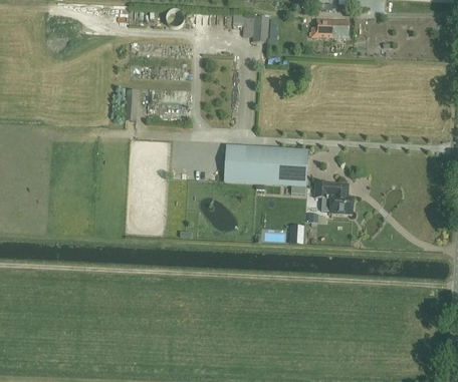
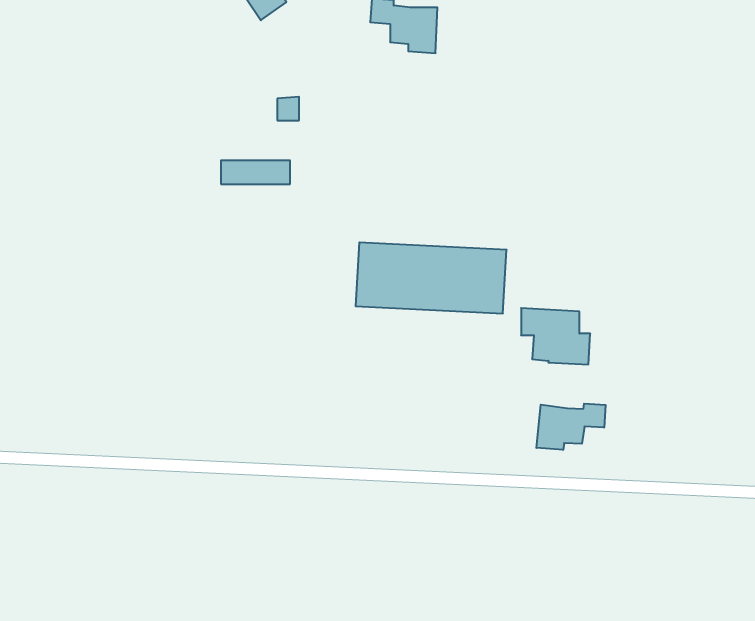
building: [316,19,349,38] -> none
building: none -> [536,404,606,450]

